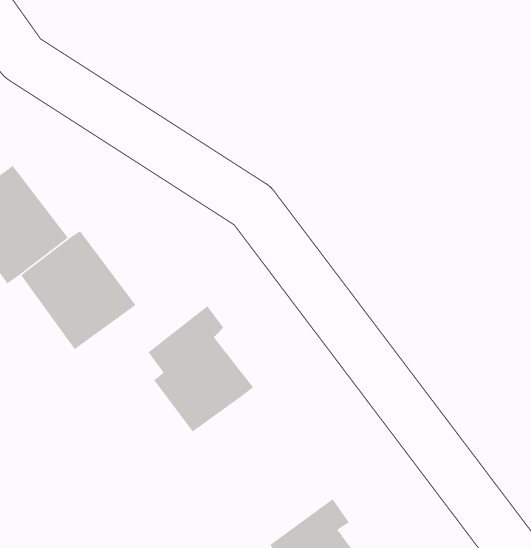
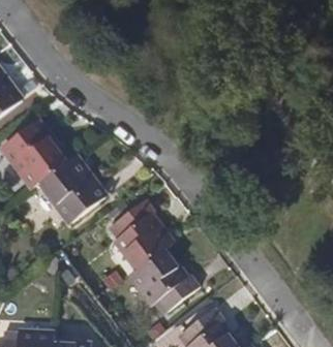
building: none -> [126,250,198,312]

